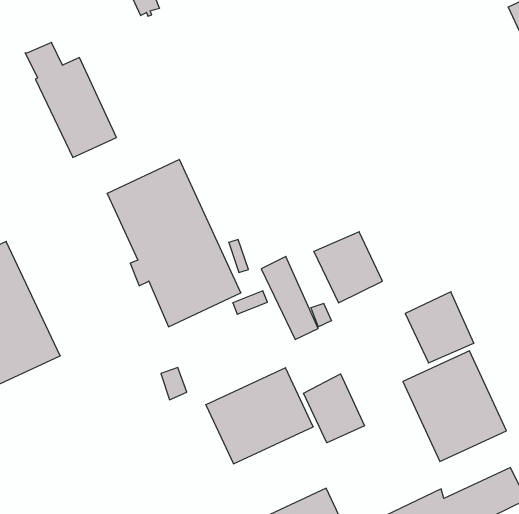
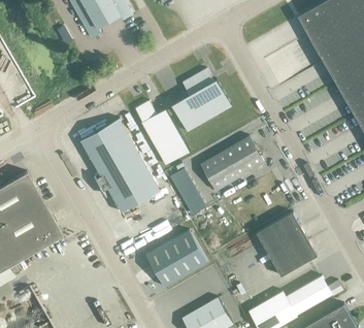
building: [25,42,116,157] -> [134,102,190,166]
building: none -> [172,69,232,133]
building: [405,292,474,363] -> [225,136,265,177]
building: [303,374,365,443] -> none

